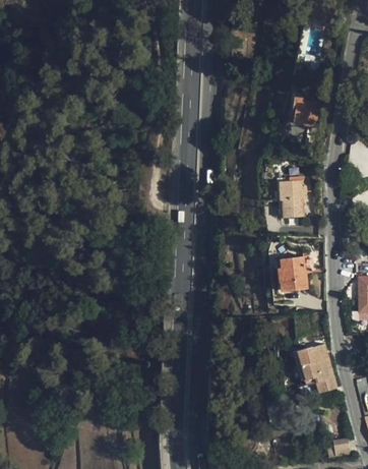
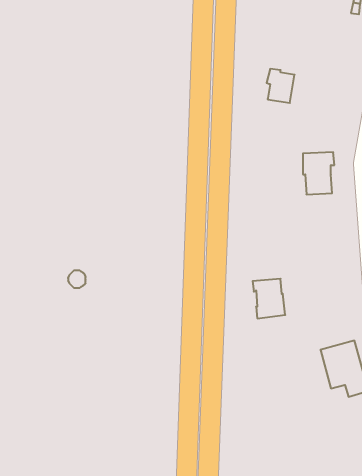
building: [292,97,316,126] -> [267,69,295,103]
building: [280,256,308,291] -> [253,279,285,318]

